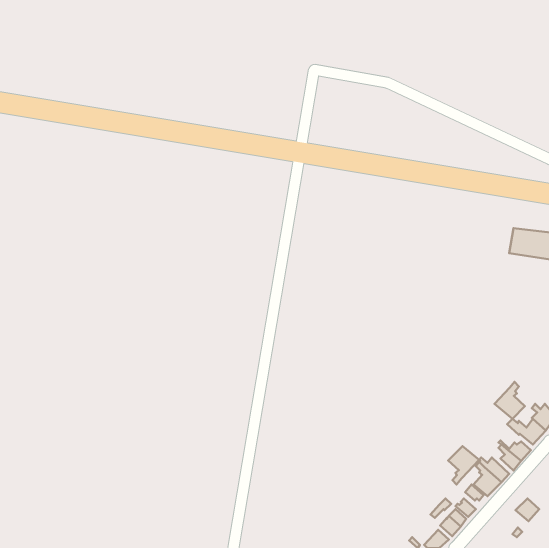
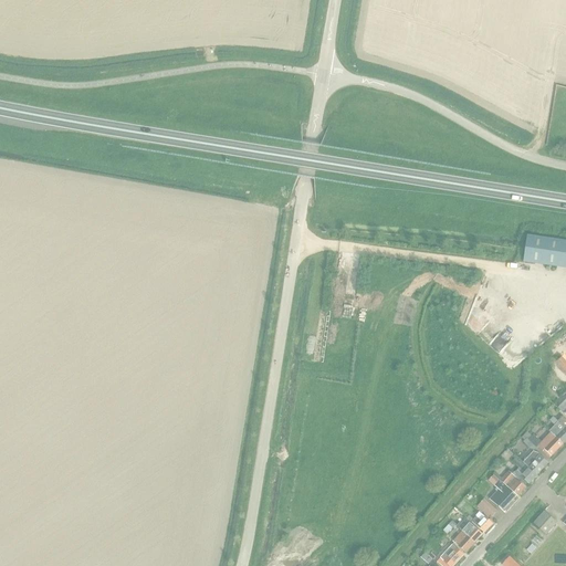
building: [495,382,525,419] -> none
building: [448,446,479,485] -> none

